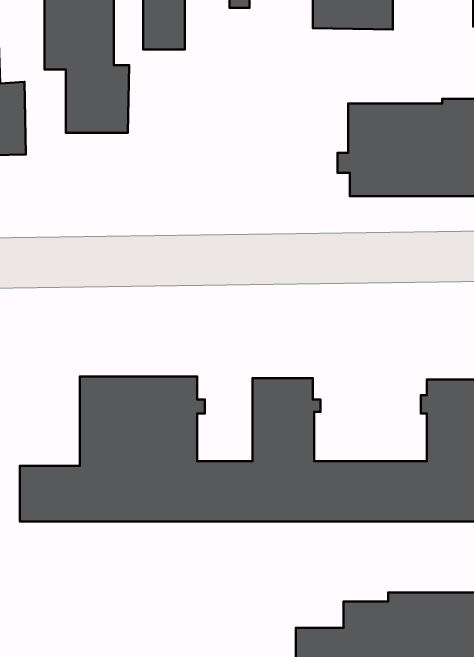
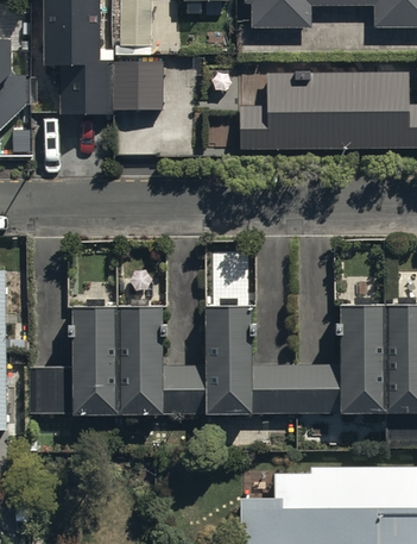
building: none -> [113,58,163,112]

